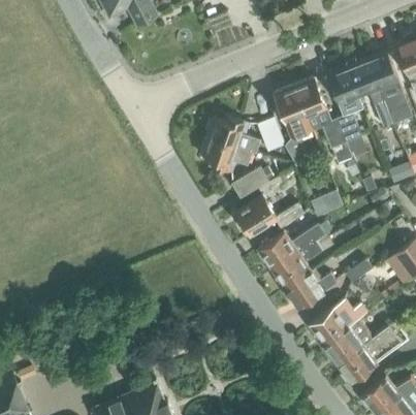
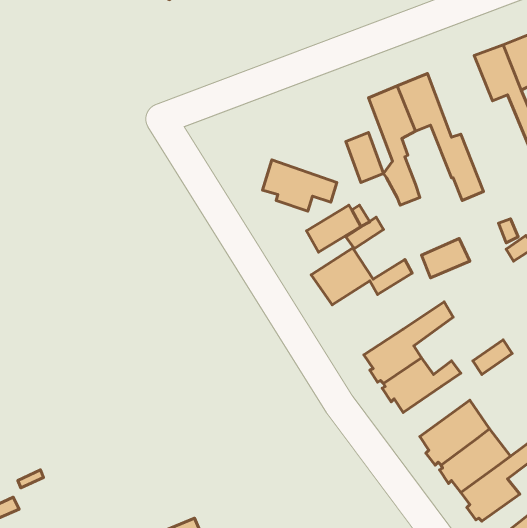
building: [326,65,363,142] -> none
building: [209,116,261,153] -> none
building: [258,221,332,269] -> none

